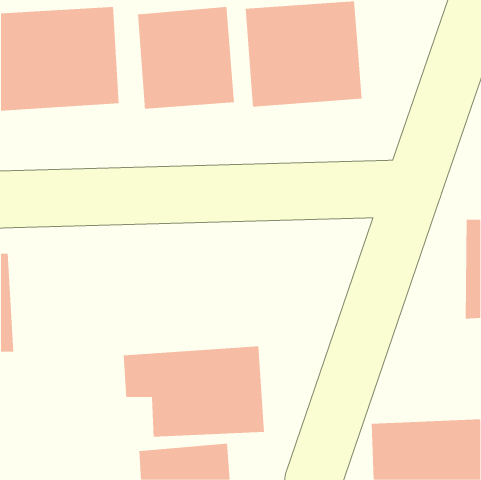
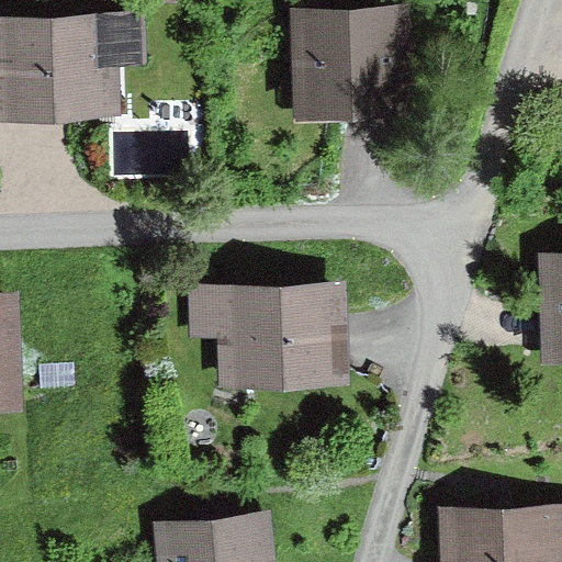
building: [137,6,234,109] -> none
building: [123,346,265,437] -> [187,286,352,393]

